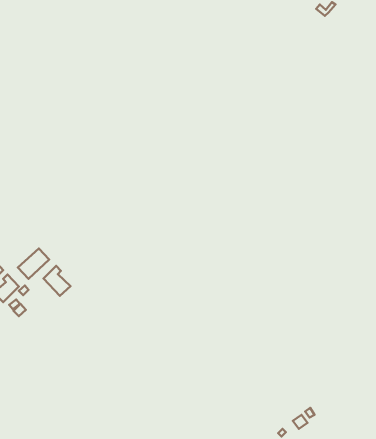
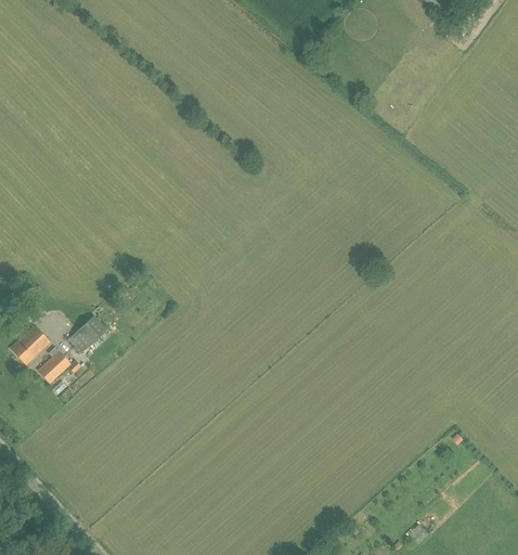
building: [44,266,70,296] -> none

